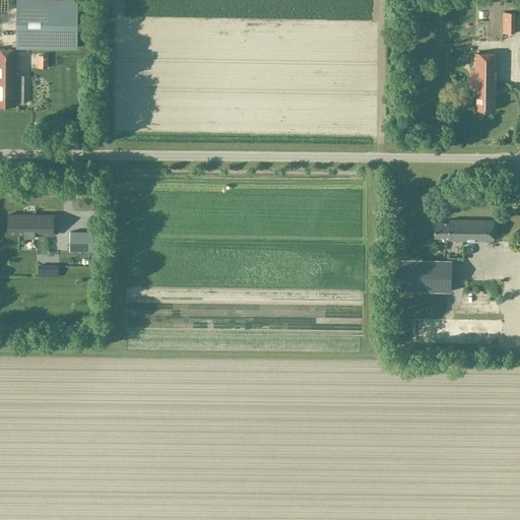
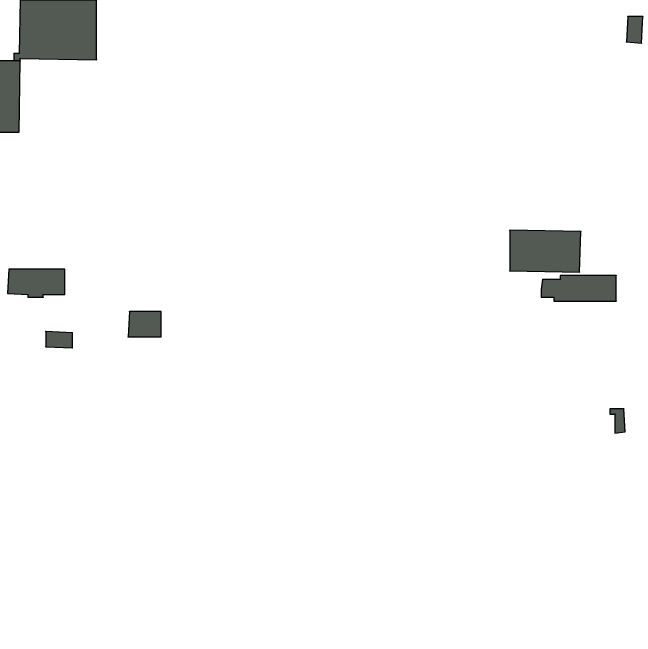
building: [474,53,496,111] -> none
building: [68,232,94,252] -> [128,312,161,337]
building: [394,259,451,292] -> [510,230,581,272]

